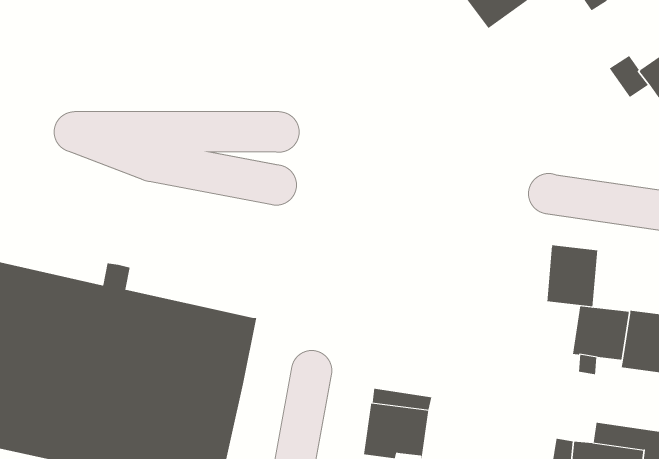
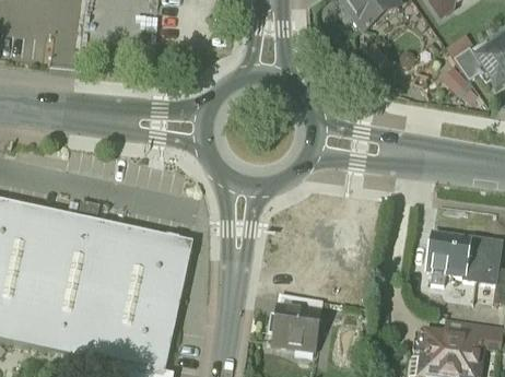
building: [547,245,598,307] -> none

